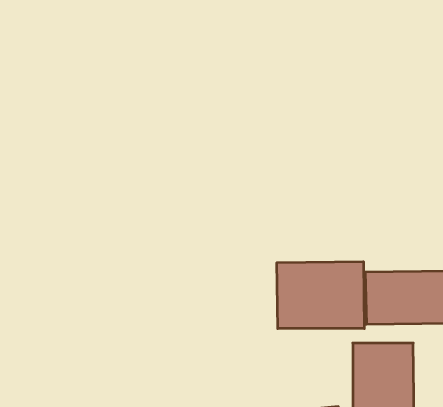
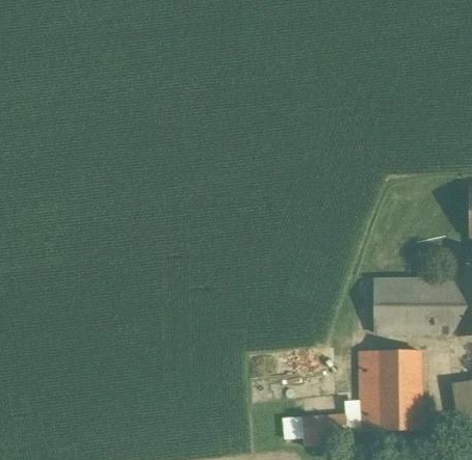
building: [277,262,364,329] -> none

